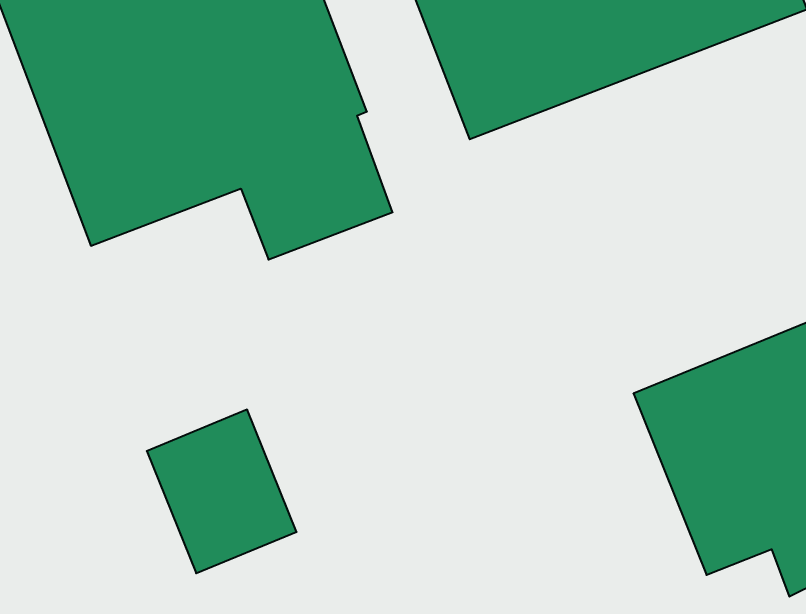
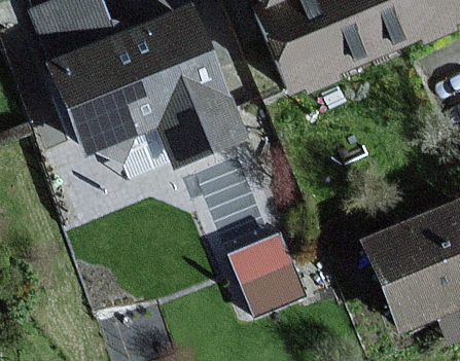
building: [147,410,297,573] -> [231,222,309,308]

